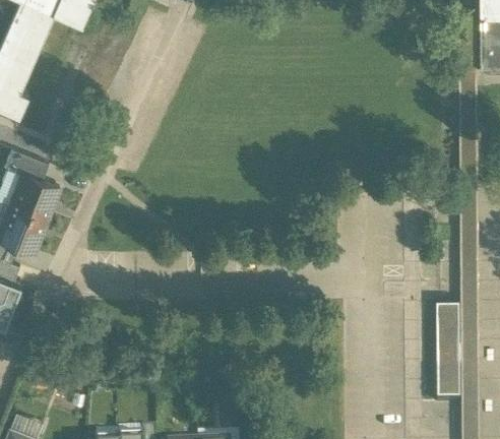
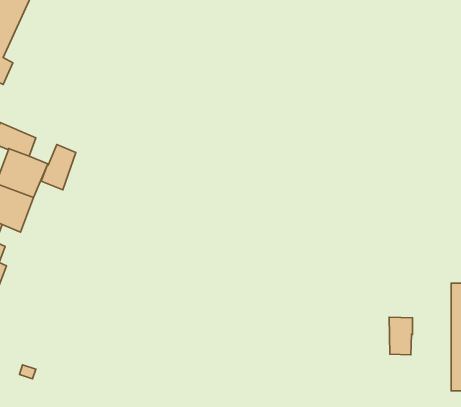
building: none -> [41,144,76,190]
building: none -> [389,317,412,355]

